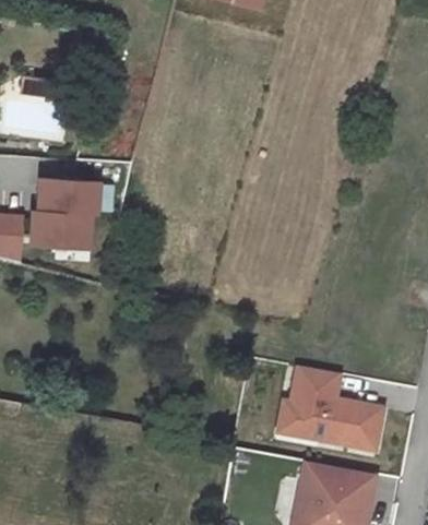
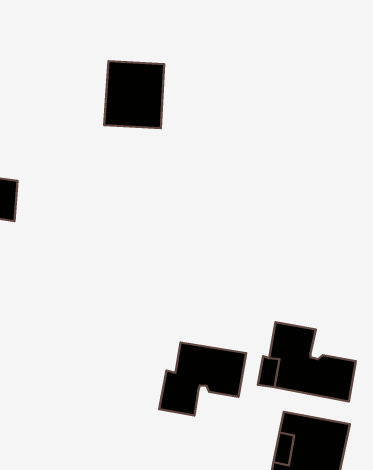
building: [36,176,99,247] -> [104,61,164,128]
building: none -> [159,343,246,416]

